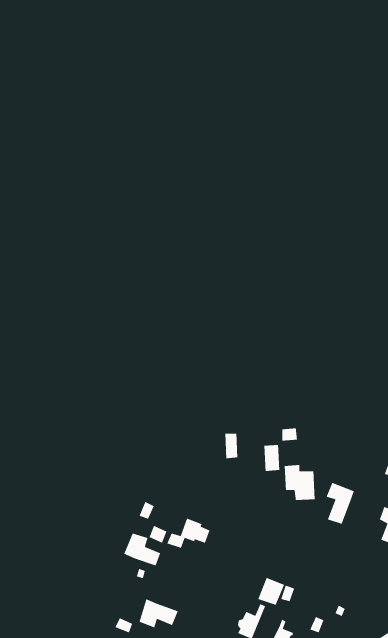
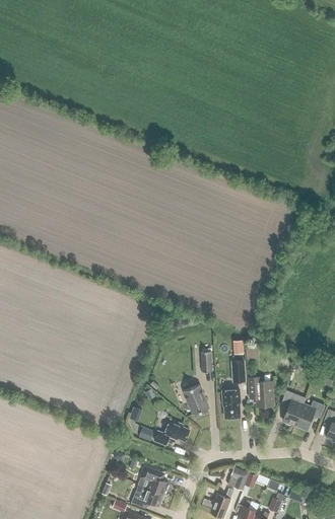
building: none -> [183,385,209,415]
building: none -> [222,390,240,419]
building: none -> [294,401,324,431]
building: [123,533,161,567] -> [137,467,168,495]

